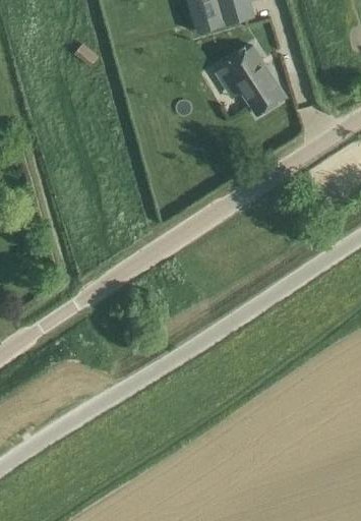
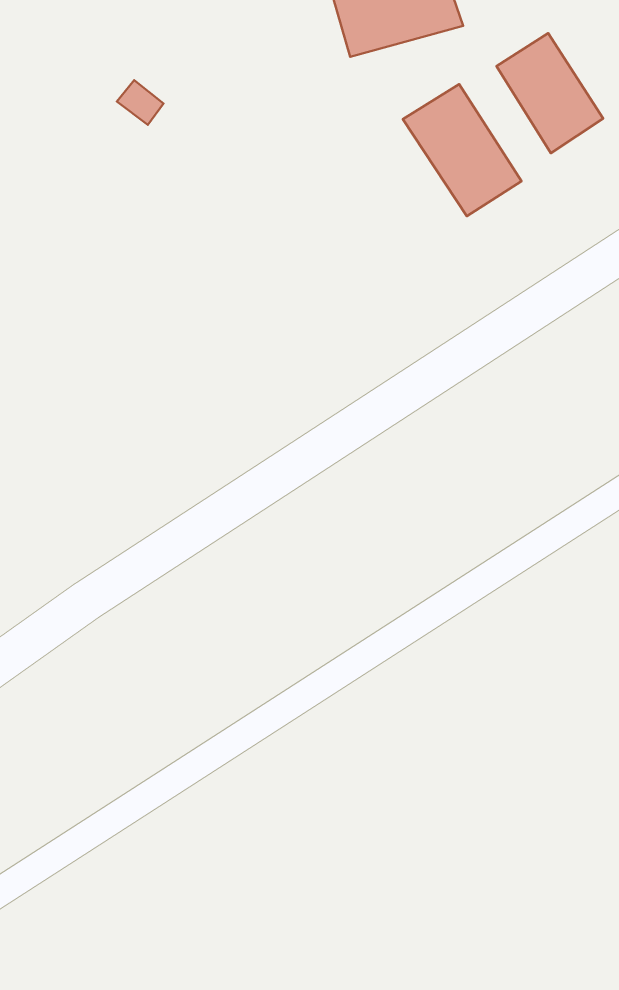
building: none -> [496,33,603,153]

